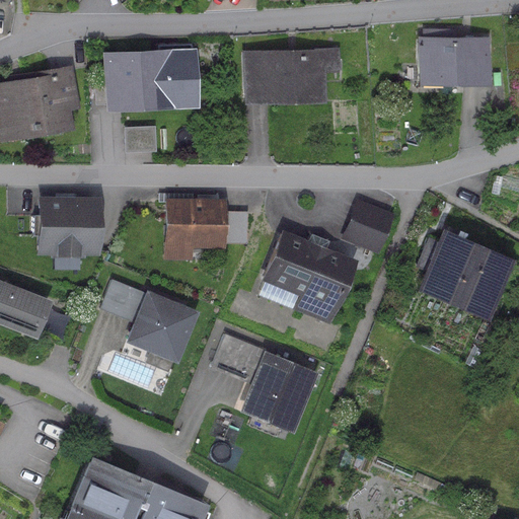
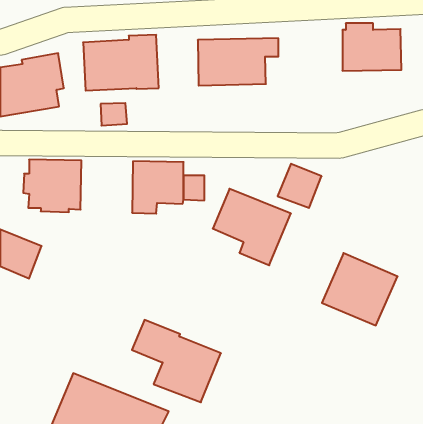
building: [422,225,514,313] -> [322,253,398,325]
building: [100,280,198,365] -> none
building: [210,332,318,433] -> [132,320,221,402]

